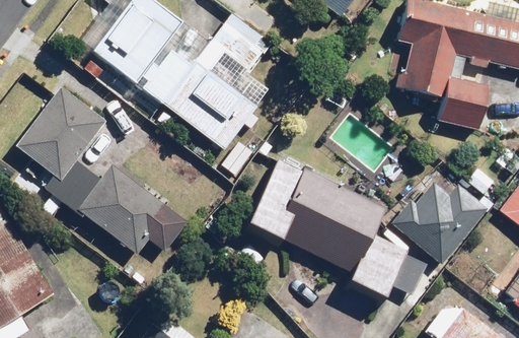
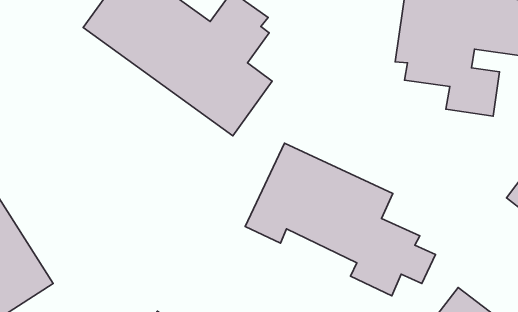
building: [15,84,190,257] -> none
building: [392,168,497,264] -> none

